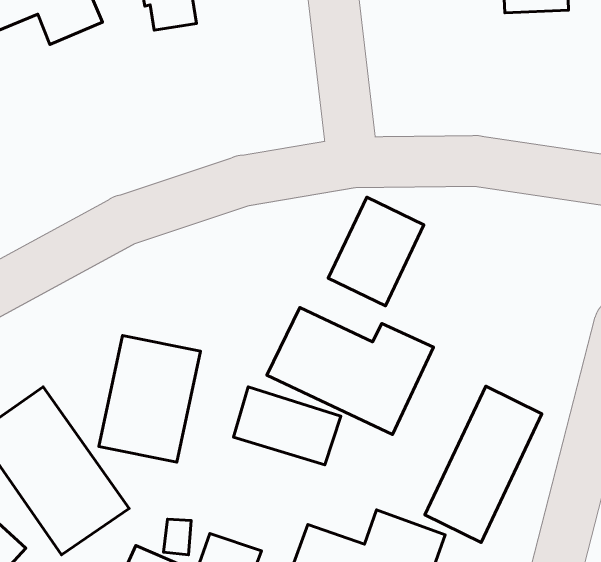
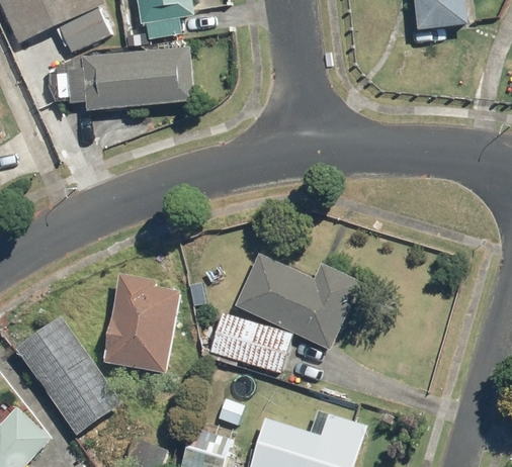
building: none -> [64,45,191,107]
building: [328,197,424,306] -> none
building: [425,386,542,543] -> none

